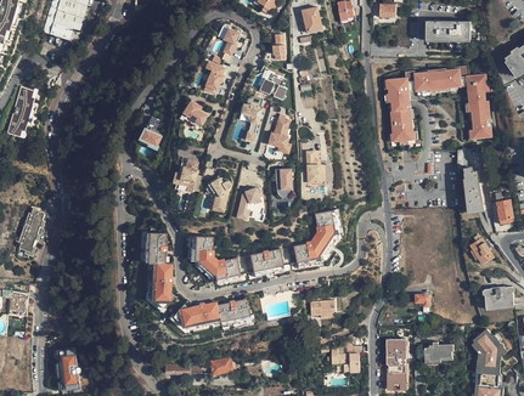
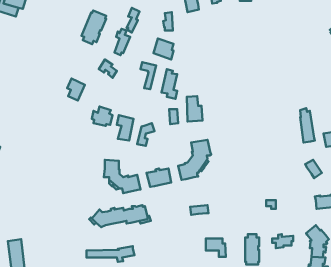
building: [427,21,471,39] -> none
building: none -> [82,10,106,44]
building: [387,66,491,141] -> none
building: [143,236,174,312] -> none

